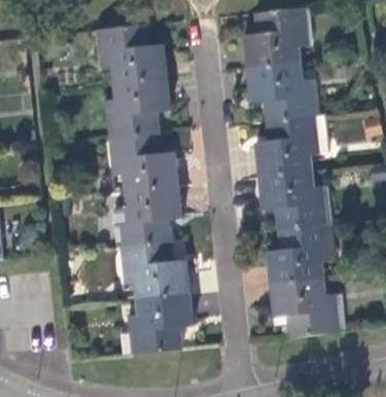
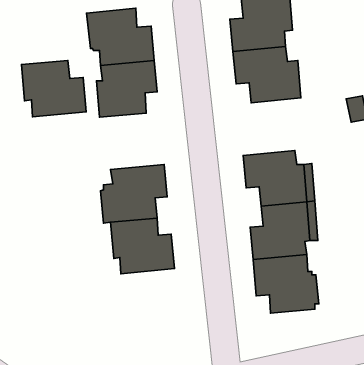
building: [254,115,325,175] -> none
building: [111,132,177,189] -> [21,60,86,117]
building: [128,290,190,352] -> none

